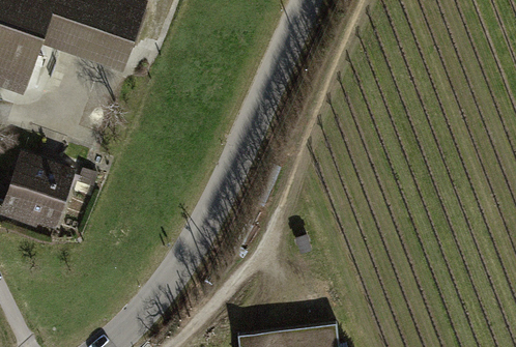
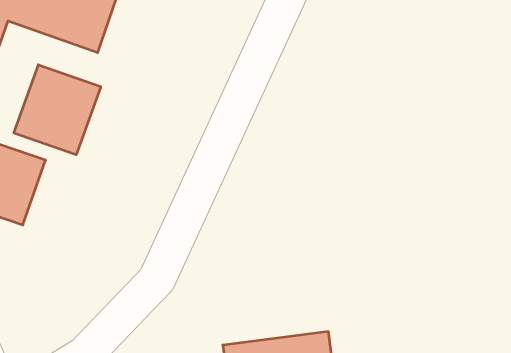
building: none -> [14,65,101,155]

